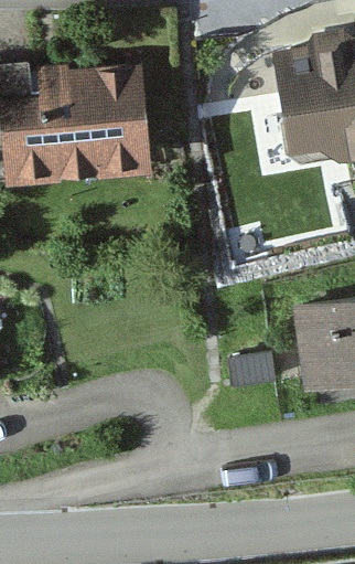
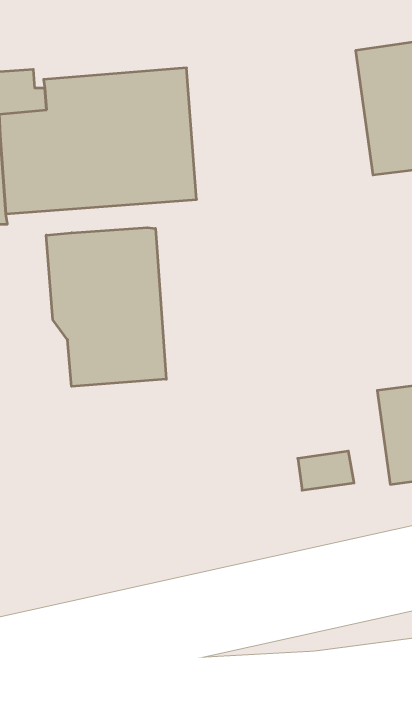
building: none -> [46,228,166,386]

